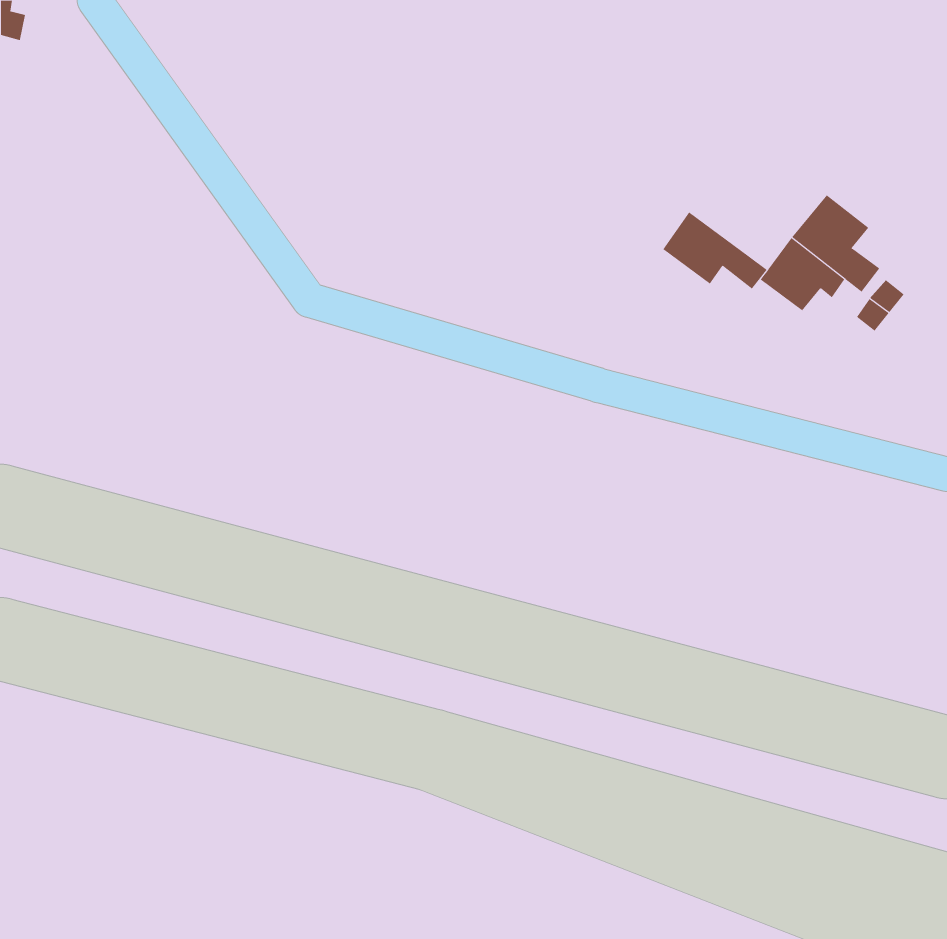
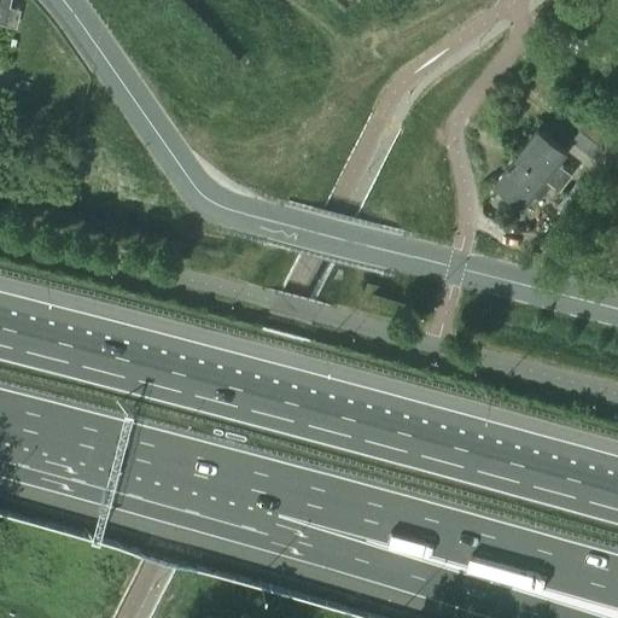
building: [663,212,767,290] -> none

